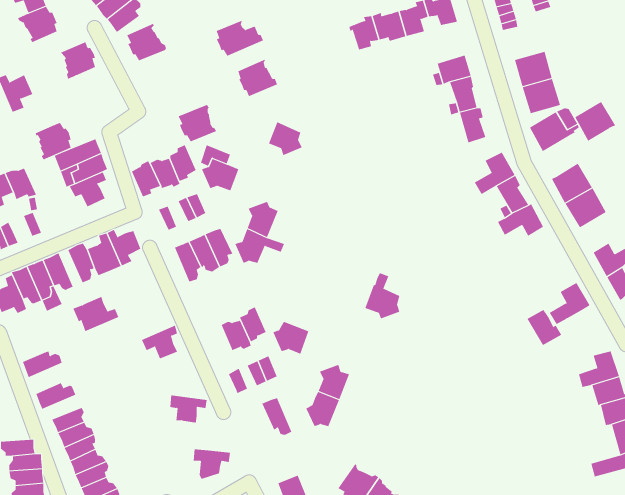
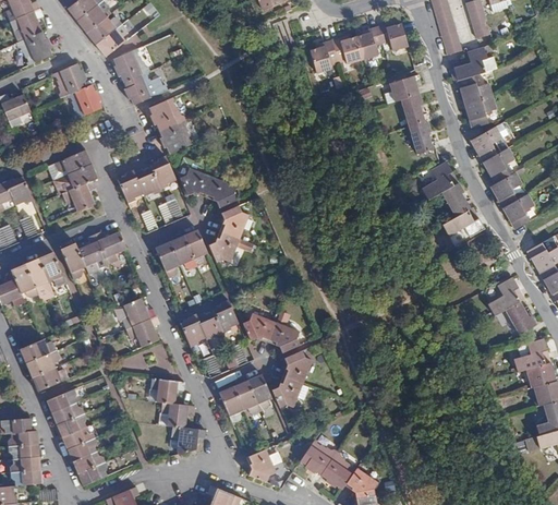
building: [216,20,264,57] -> [123,71,166,104]
building: none -> [449,47,485,81]
building: [237,59,278,97] -> [148,96,184,130]
building: [574,101,616,142] -> [482,147,519,183]
building: [268,122,302,156] -> [205,177,235,207]
building: [35,122,72,160] -> [68,84,100,118]
building: [365,273,400,319] -> [267,310,299,351]
building: [72,296,119,332] -> [114,297,156,328]
building: [527,309,562,346] -> [504,301,535,334]
building: none -> [179,312,205,346]
building: none -> [25,349,59,376]
building: none -> [246,373,270,410]
building: none -> [218,385,243,422]
building: none -> [160,400,194,426]

